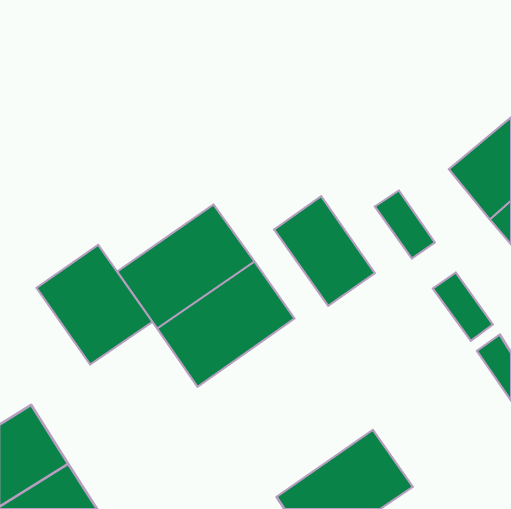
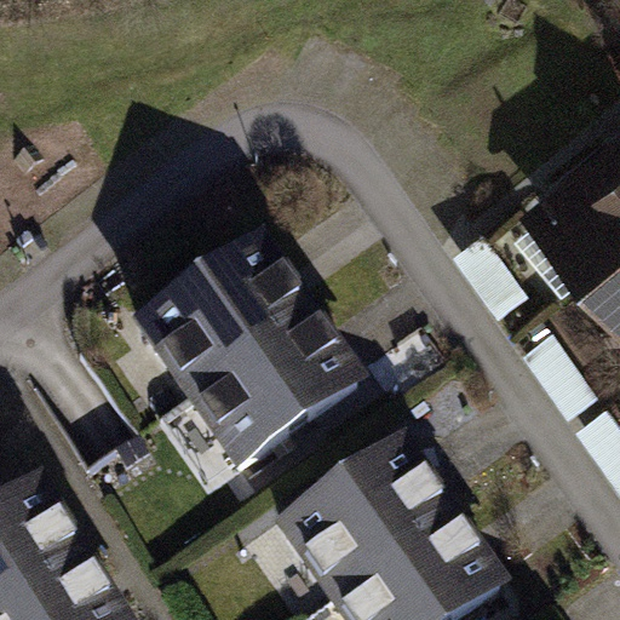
building: [274,196,375,306] -> none
building: [36,245,153,365] -> none
building: none -> [285,449,450,601]

